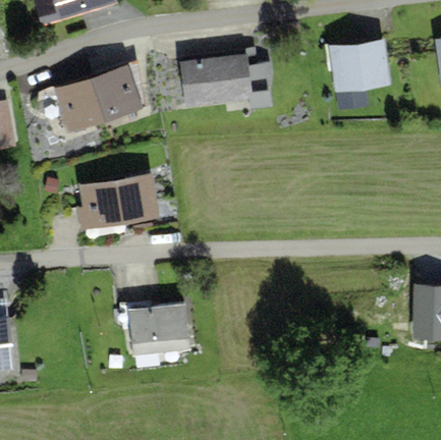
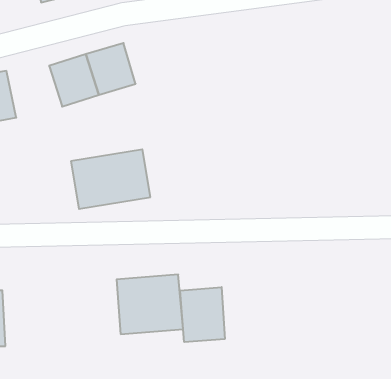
building: [329,40,389,94] -> none
building: [175,52,255,110] -> none
building: none -> [180,287,225,342]

